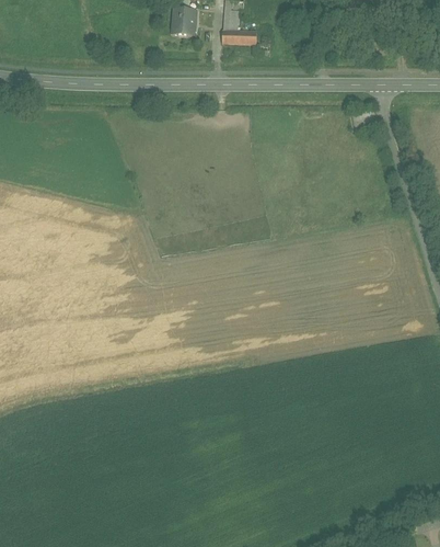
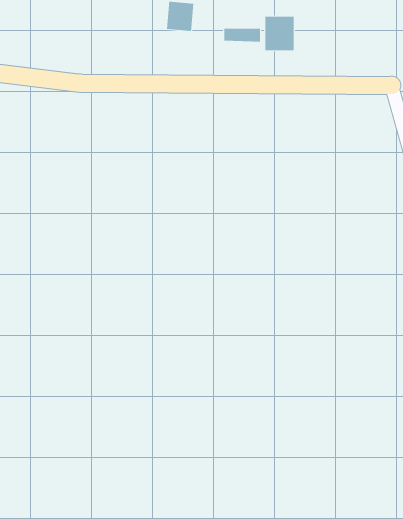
building: none -> [265,16,294,51]

